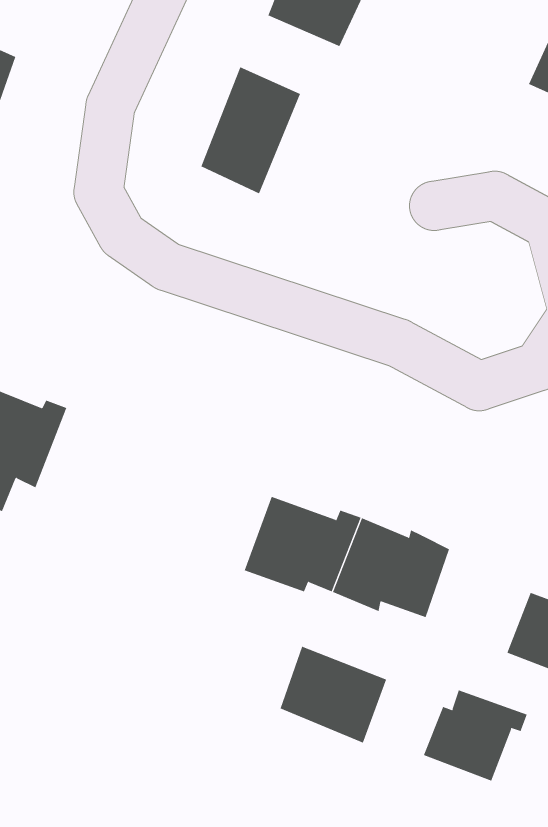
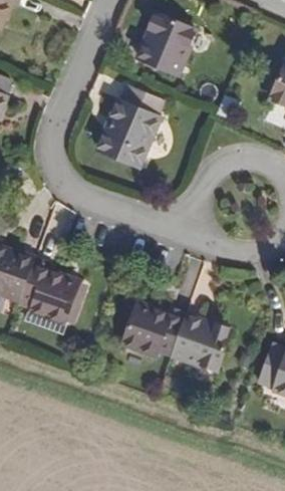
building: none -> [19,260,81,323]
building: [280,646,387,744] -> none
building: [423,690,528,782] -> none

